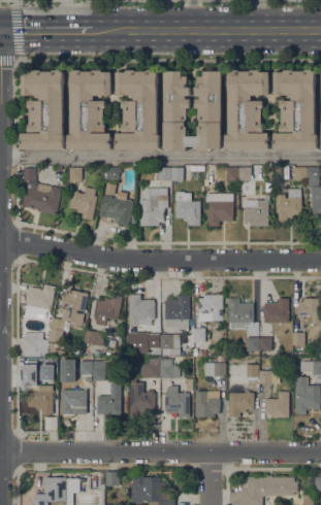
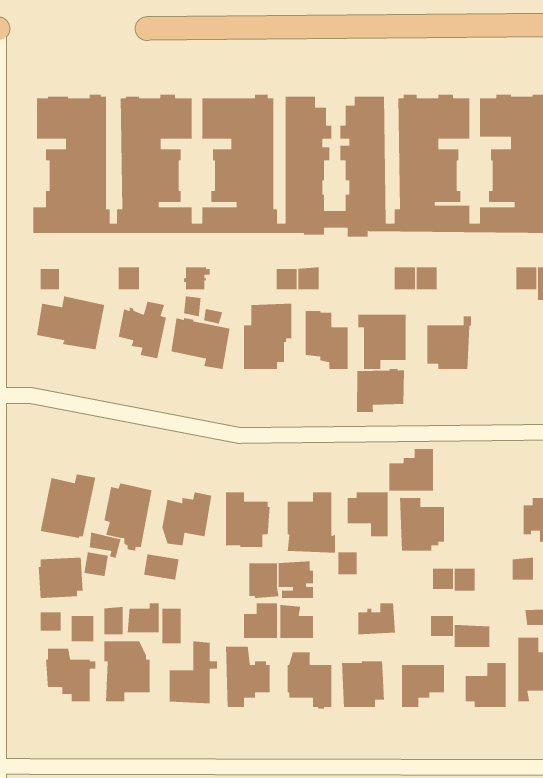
building: [276,189,301,222] -> none
building: none -> [356,368,405,413]
building: [263,298,289,323] -> [388,448,434,492]

